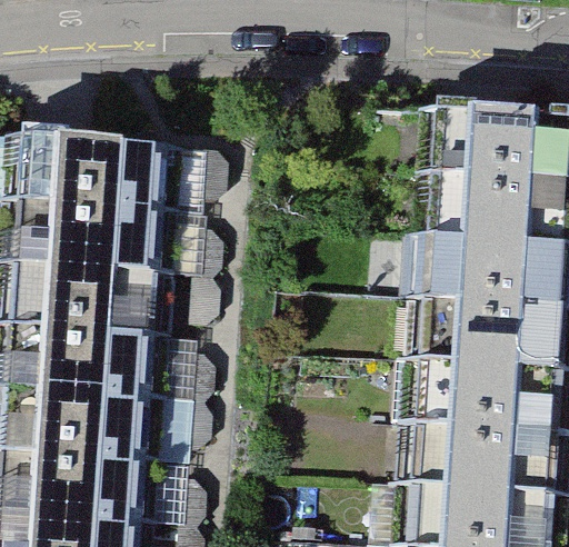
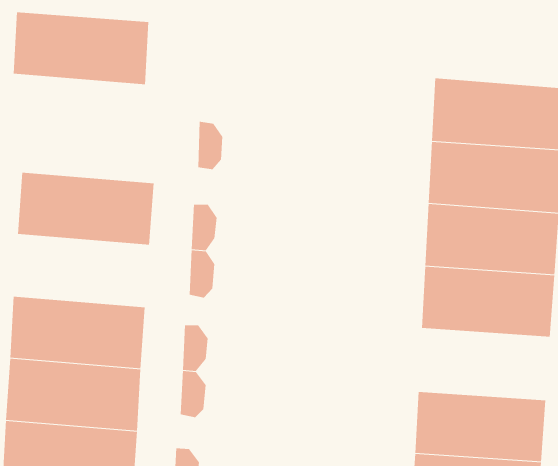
building: [26,136,162,209] -> [13,12,149,85]
building: [17,260,154,334] -> none
building: [393,352,557,427] -> none

